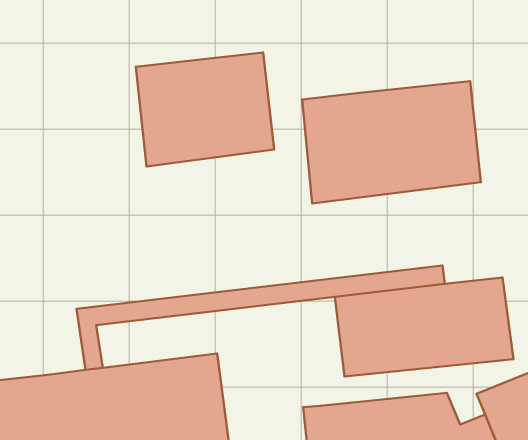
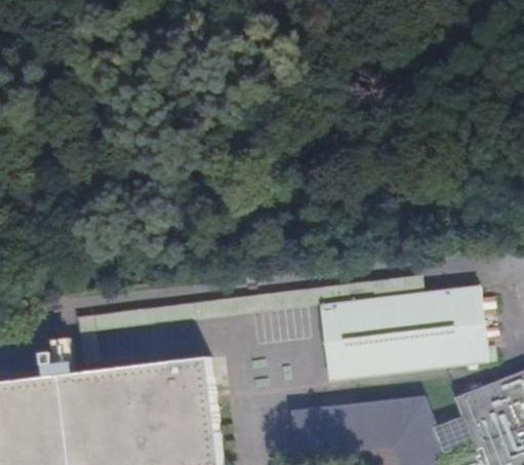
building: [136,53,274,167] -> none
building: [302,81,481,203] -> none

